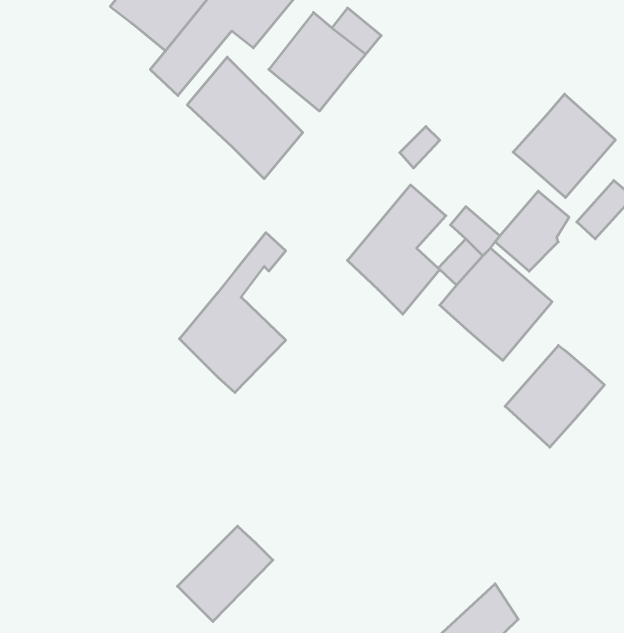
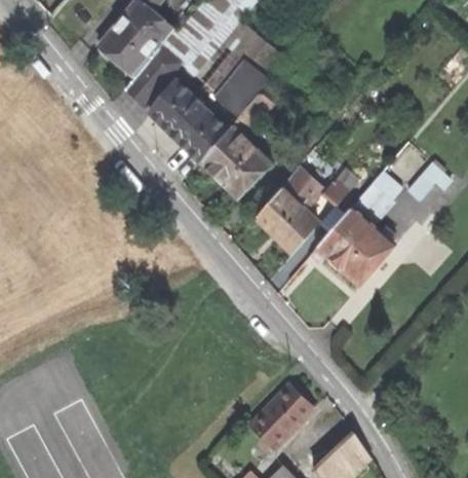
building: [513,94,615,198] -> none
building: [179,233,286,393] -> [200,90,271,197]
building: [505,345,604,447] -> none
building: [177,526,273,622] -> [249,383,313,447]

